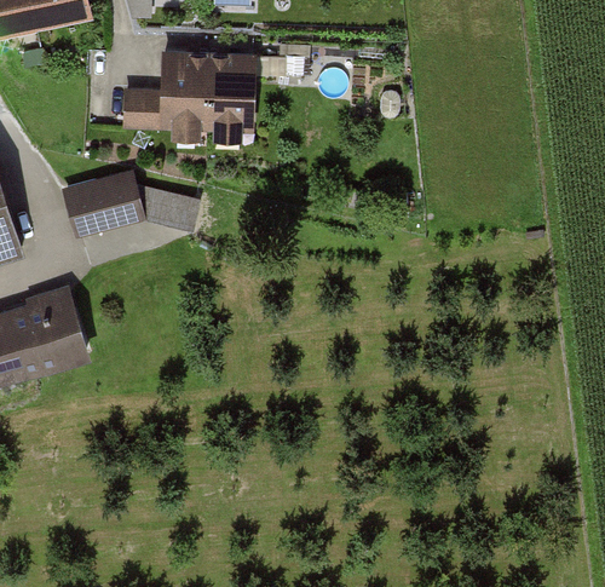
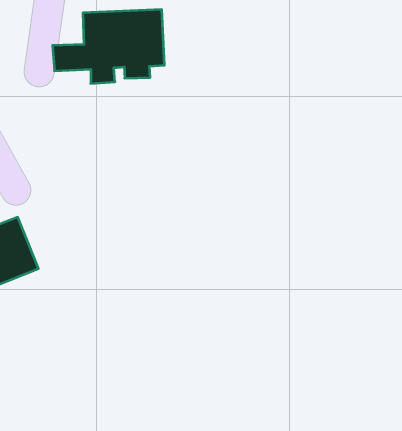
building: [63,173,200,240] -> none

